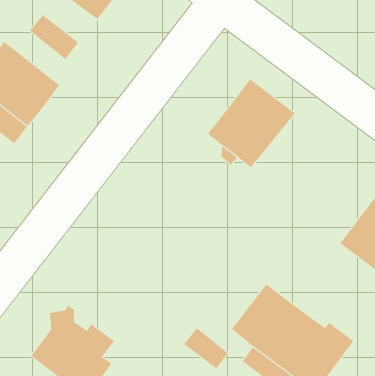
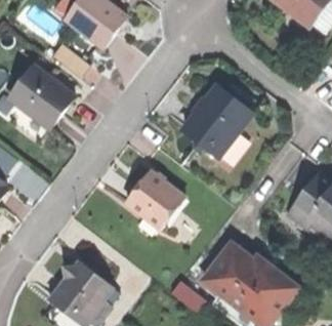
building: none -> [127,172,188,231]

